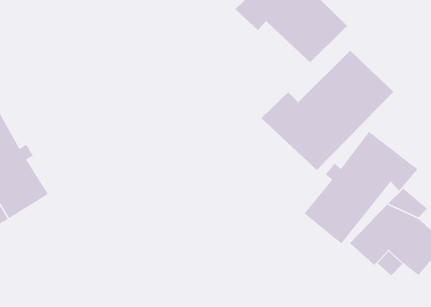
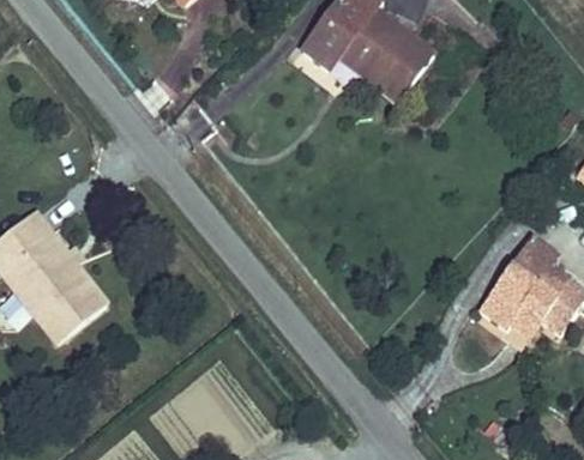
building: [261,50,394,171] -> none
building: [303,131,418,245] -> none

